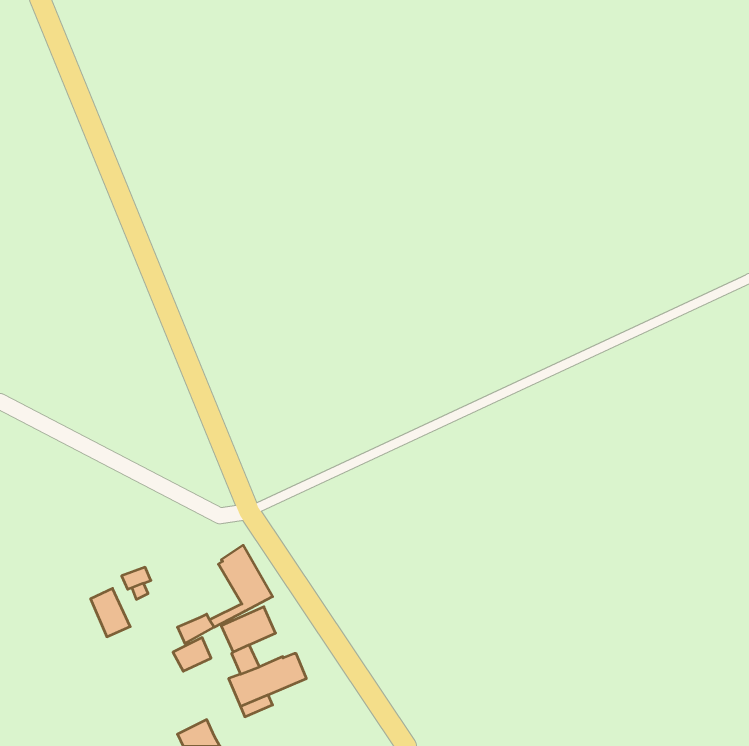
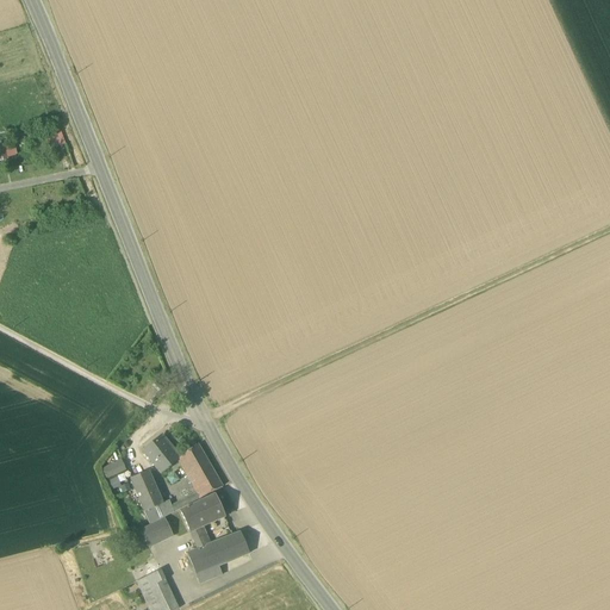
building: none -> [143,434,181,472]
building: [91,588,130,637] -> [131,471,163,510]
building: none -> [136,568,168,597]

